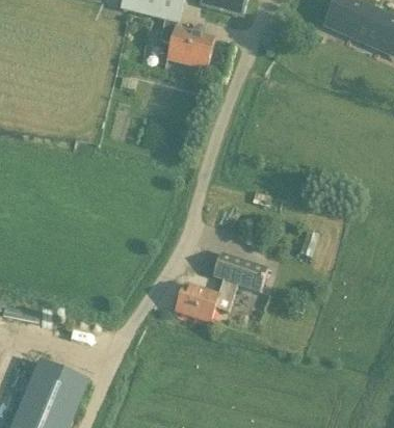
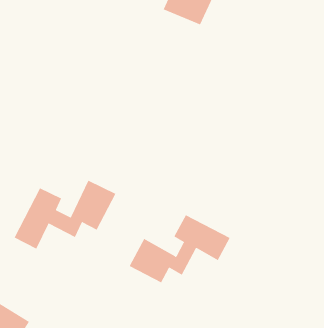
building: none -> [14,180,116,249]

